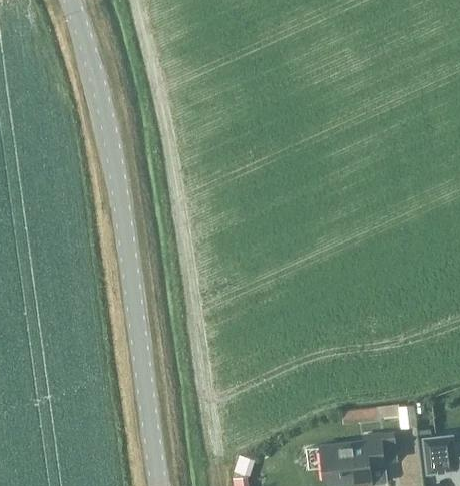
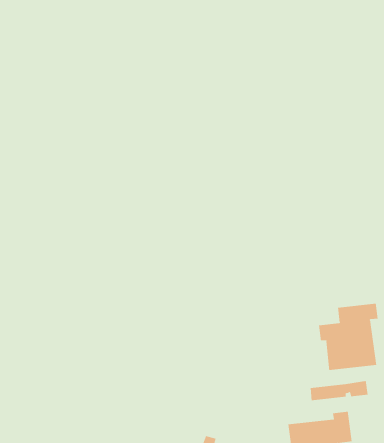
building: none -> [319,303,378,371]

